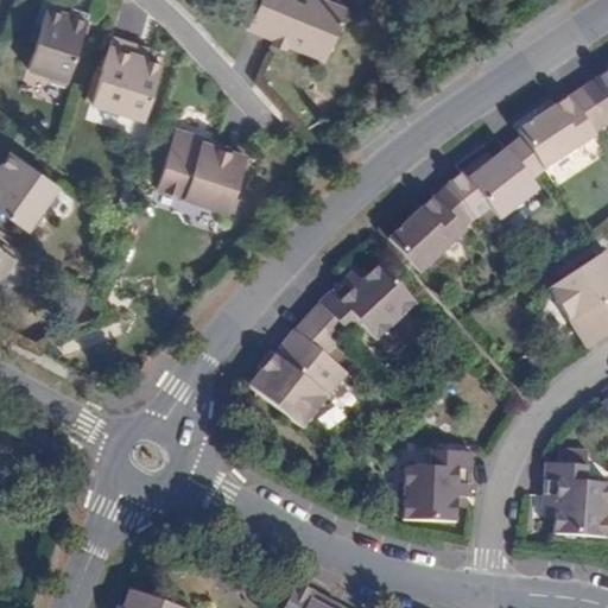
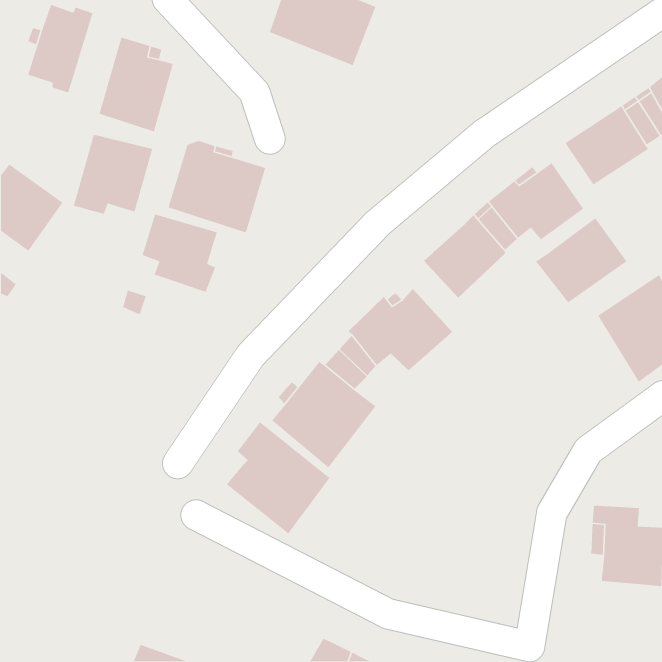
building: none -> [73,134,153,215]
building: none -> [141,213,218,293]
building: none -> [535,217,627,303]
building: none -> [226,421,331,535]
building: [401,450,473,522] -> none

